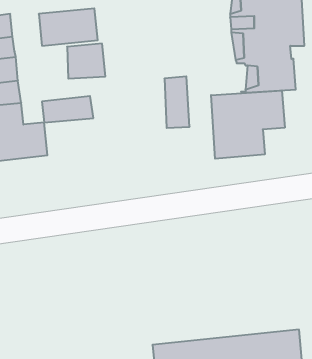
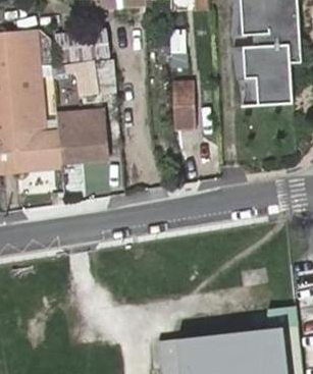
building: [211,90,285,159] -> none
building: none -> [58,129,107,164]

